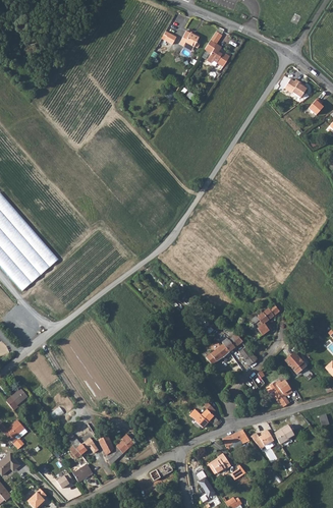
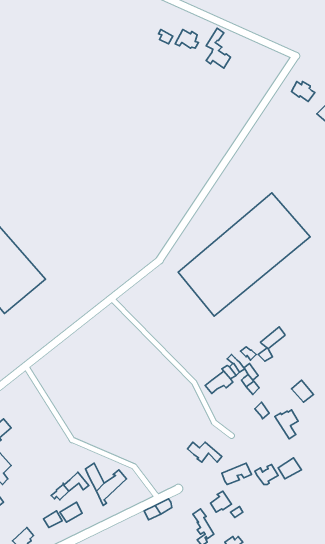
building: none -> [178,193,310,316]

